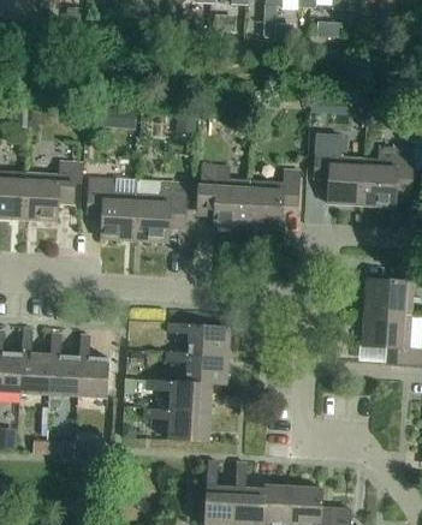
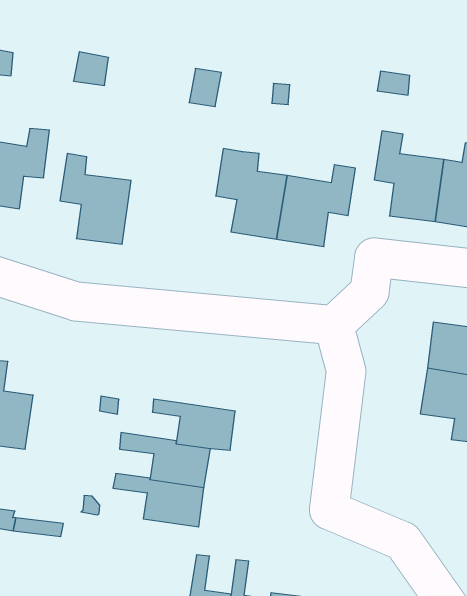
building: [135,181,186,243] -> none
building: [168,322,230,354] -> none
building: [77,334,108,396] -> none

